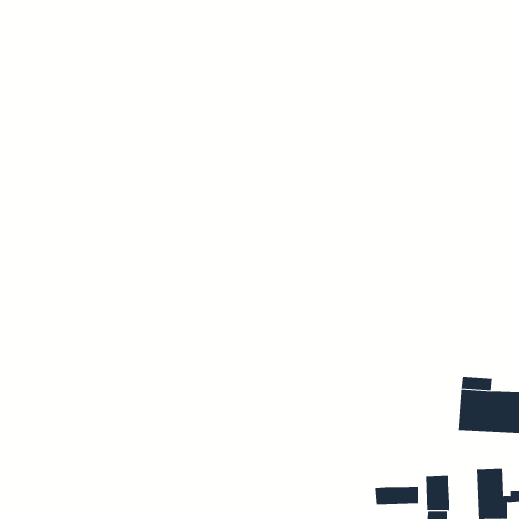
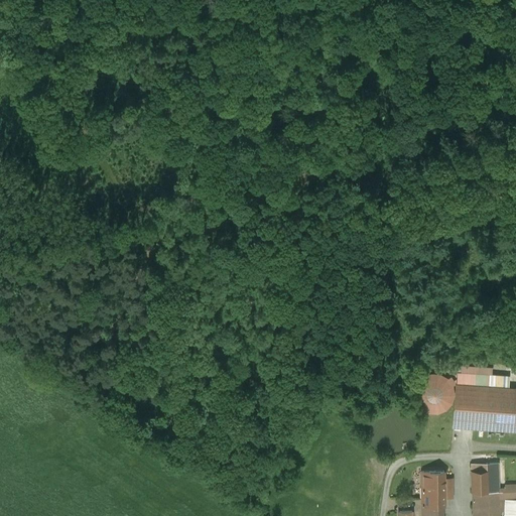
building: none -> [416,376,454,412]
building: [375,486,419,505] -> none

